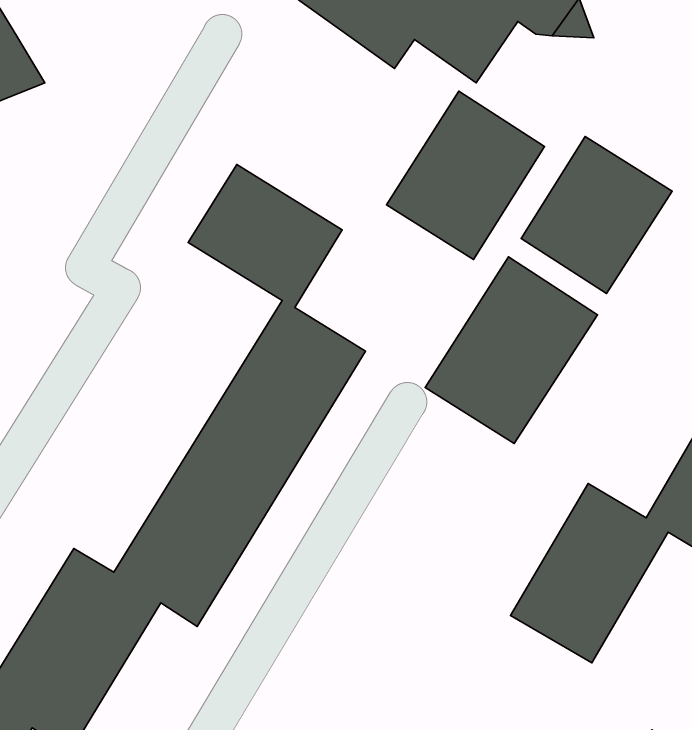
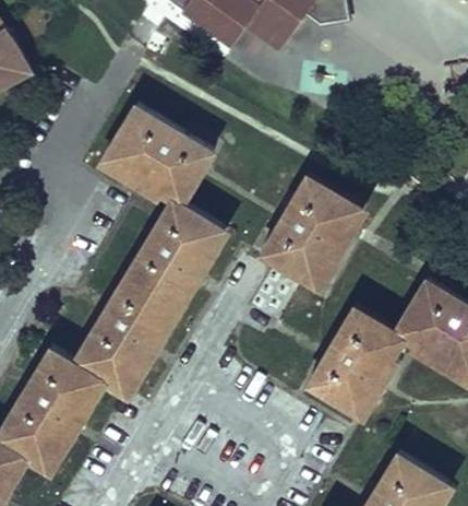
building: [386,91,545,259] -> none
building: [521,136,672,294] -> none

